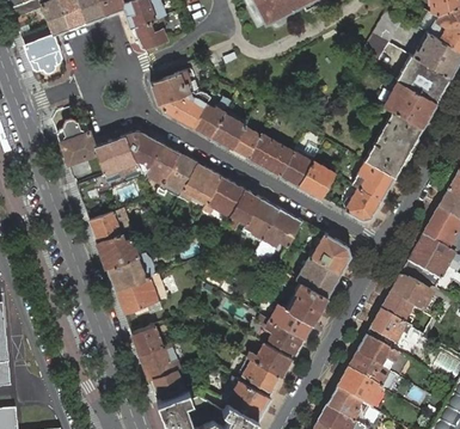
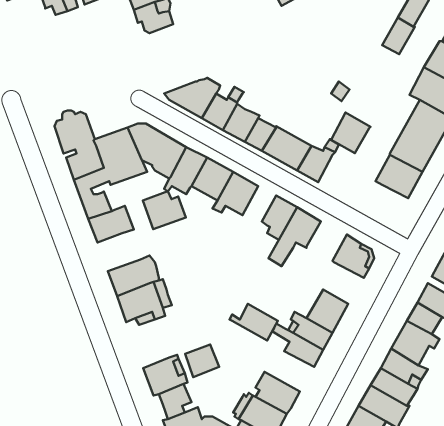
building: [22,25,61,72] -> none
building: [151,69,197,104] -> none
building: [299,160,335,197] -> [331,112,370,153]
building: [345,188,381,220] -> none
building: [226,189,260,226] -> none
building: [97,232,136,266] -> [143,191,186,229]
building: [300,258,341,296] -> none
building: [131,325,162,355] -> [185,345,219,377]
building: [247,343,292,376] -> [229,304,278,340]

